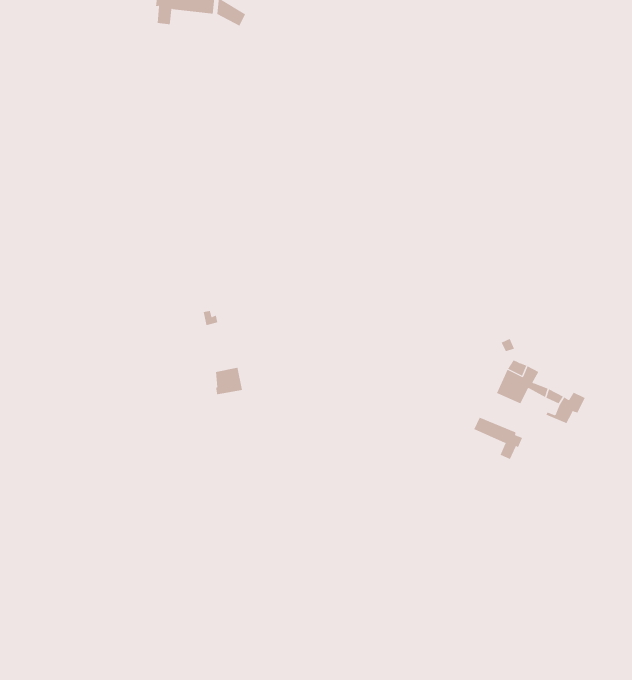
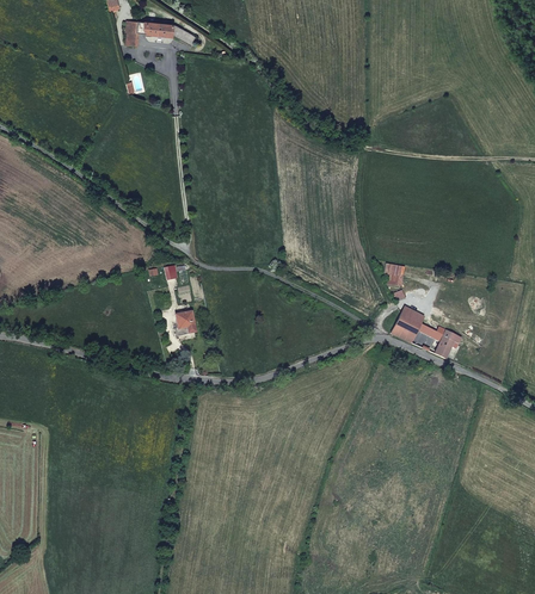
building: [473,417,523,460] -> none

